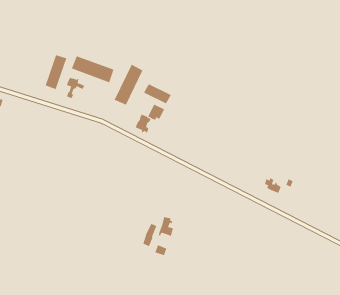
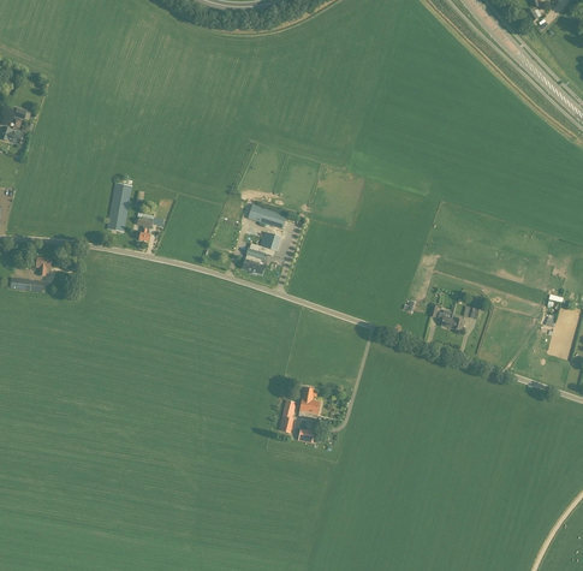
building: [71,56,114,83] -> none
building: [114,64,143,106] -> none

